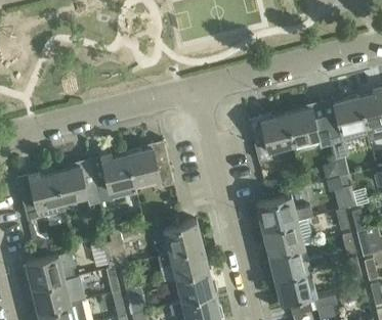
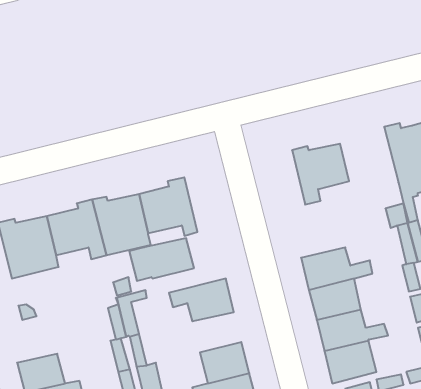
building: [287,101,333,147] -> none
building: [158,247,209,281] -> [129,238,194,281]
building: [26,256,75,287] -> none

